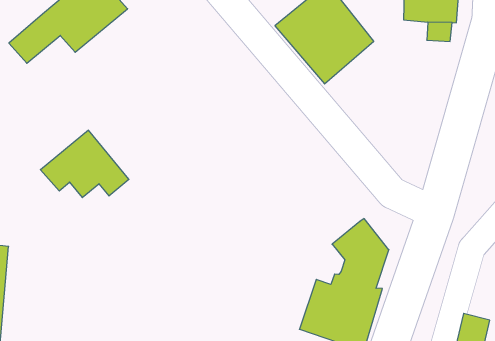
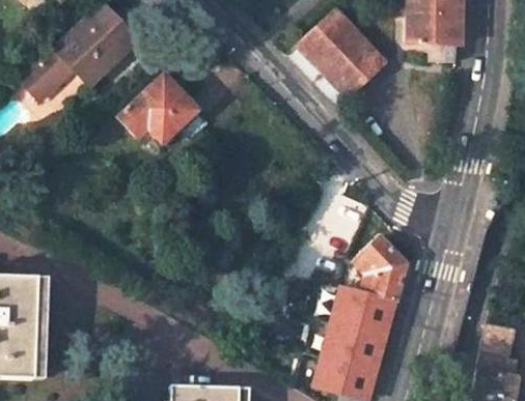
building: [40,130,129,198] -> [121,78,209,144]

